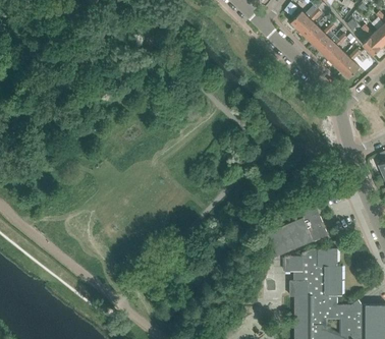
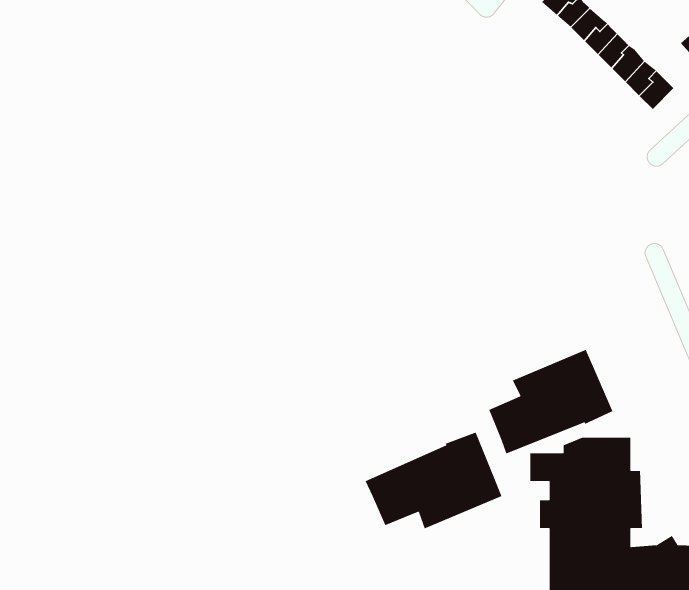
building: none -> [364,431,502,530]

